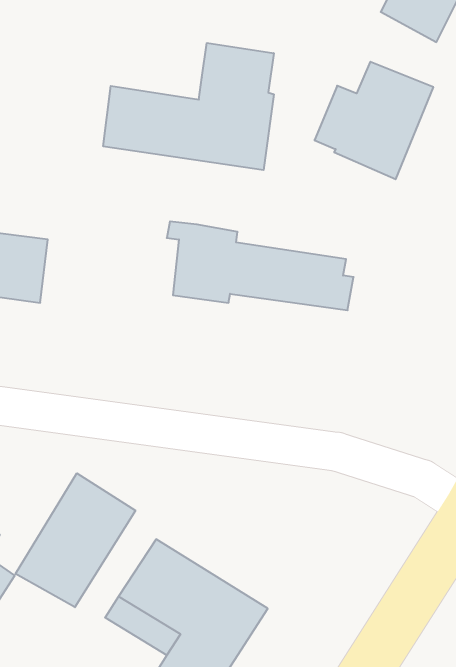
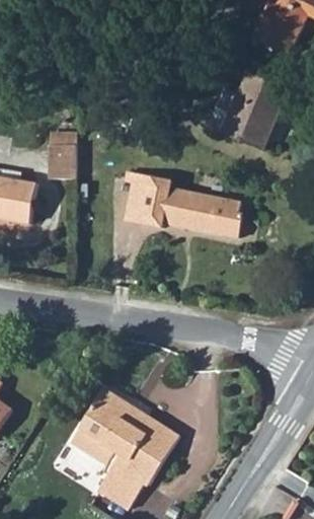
building: [103,43,274,170] -> none
building: none -> [55,146,80,179]
building: [16,473,135,607] -> none

